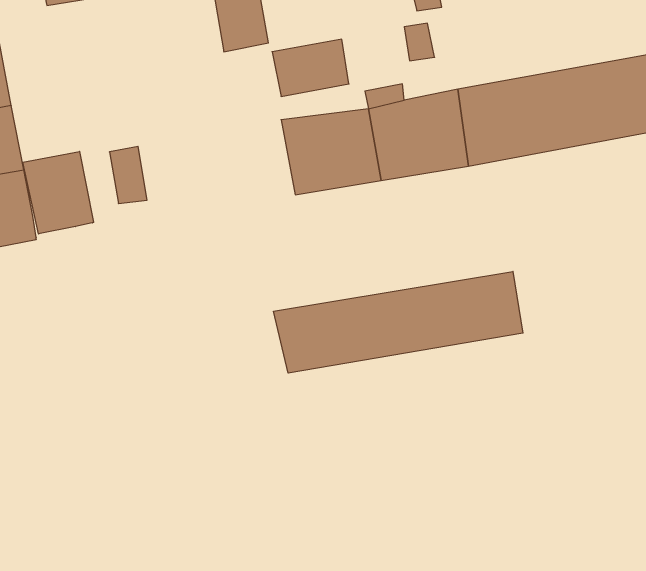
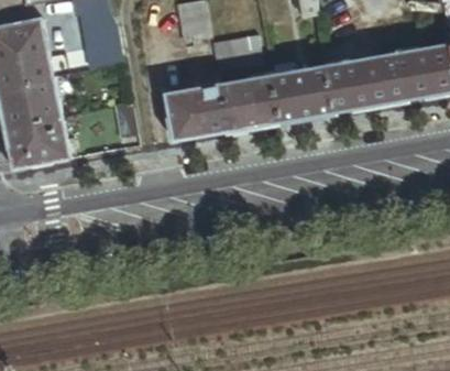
building: none -> [165,84,227,139]
building: [23,151,94,234] -> none
building: [274,271,523,373] -> none

